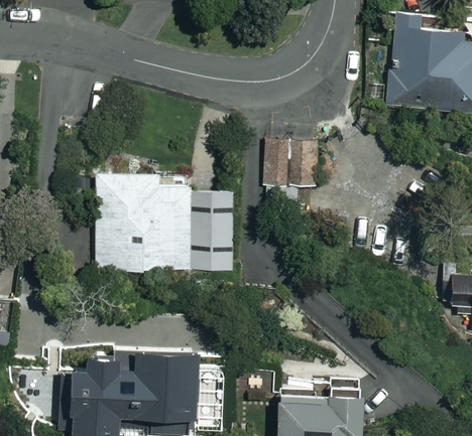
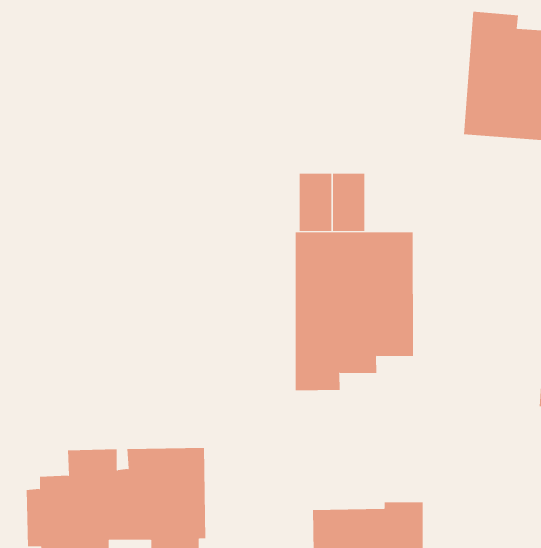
building: [97,171,234,272] -> none
building: none -> [295,231,414,391]

